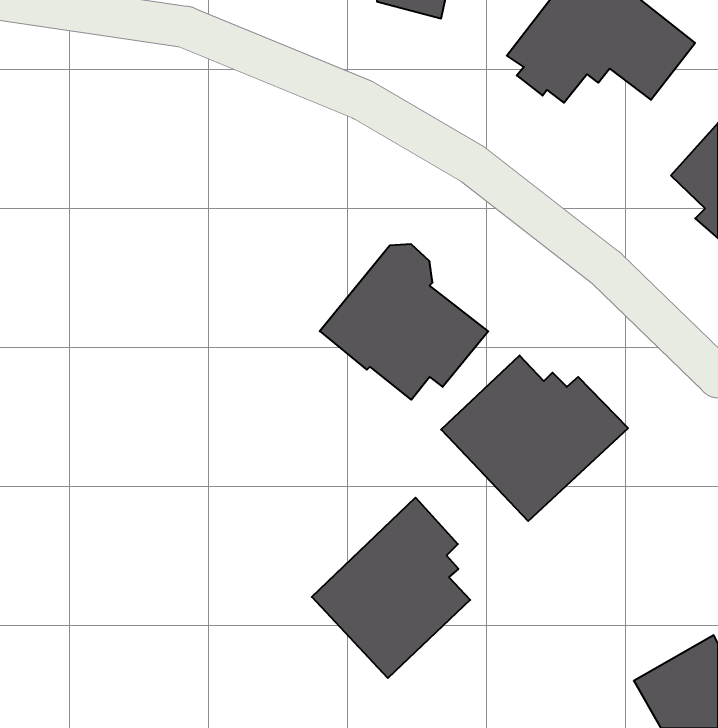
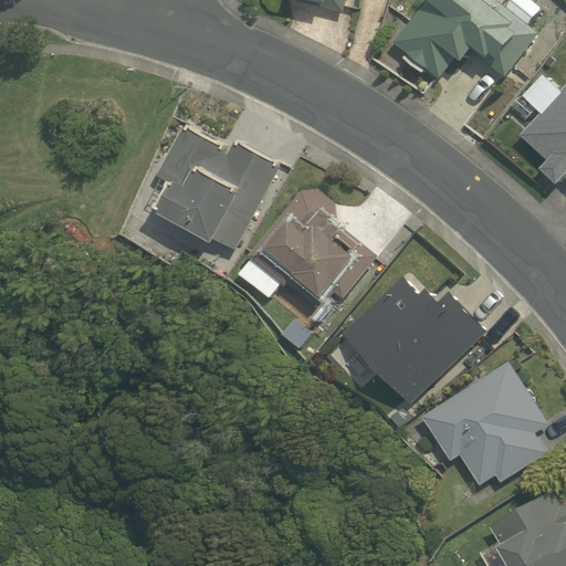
building: none -> [156,126,281,250]
building: none -> [421,361,549,486]
building: [312,498,470,678] -> none

